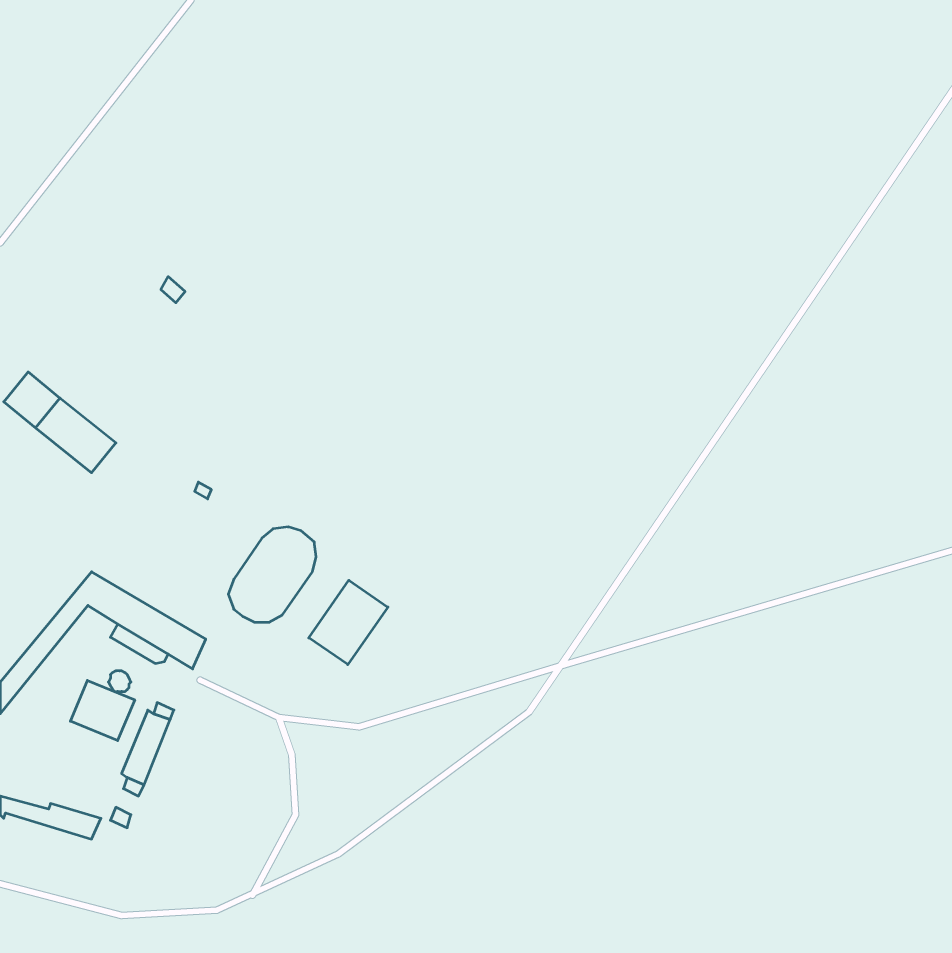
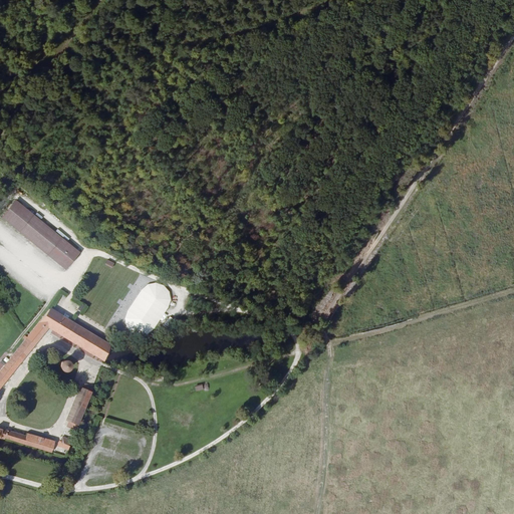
building: none -> [51,239,80,269]
building: [309,580,388,665] -> none
building: [70,680,135,741] -> none

